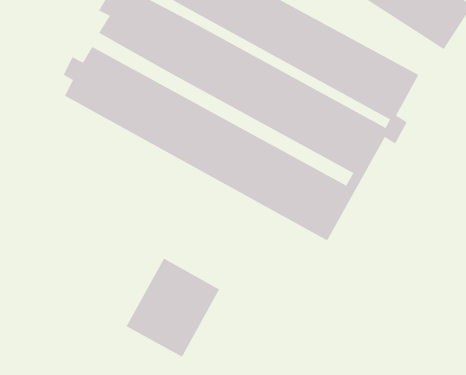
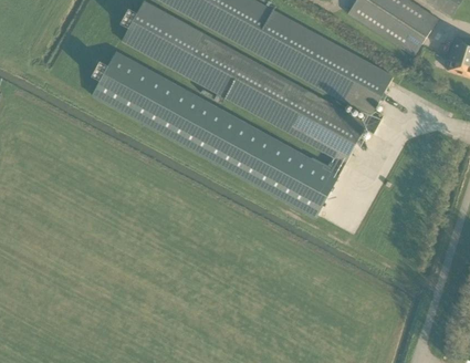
building: [126,258,220,358] -> none

